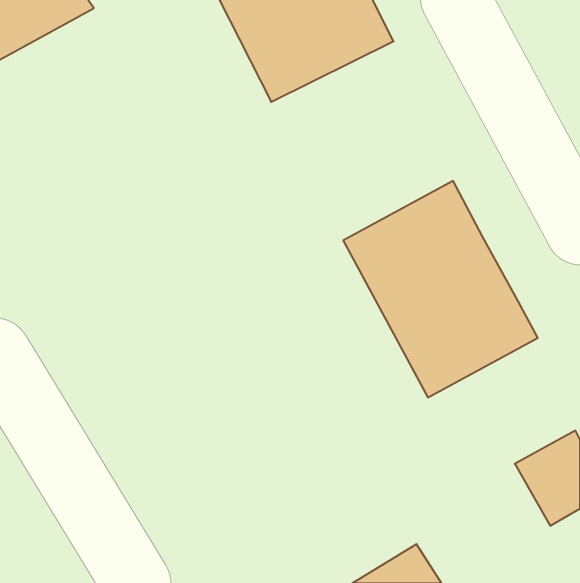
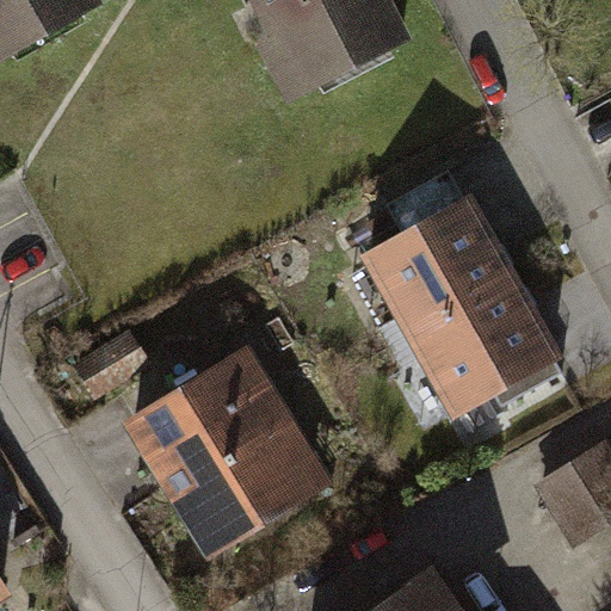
building: none -> [121,344,337,562]

